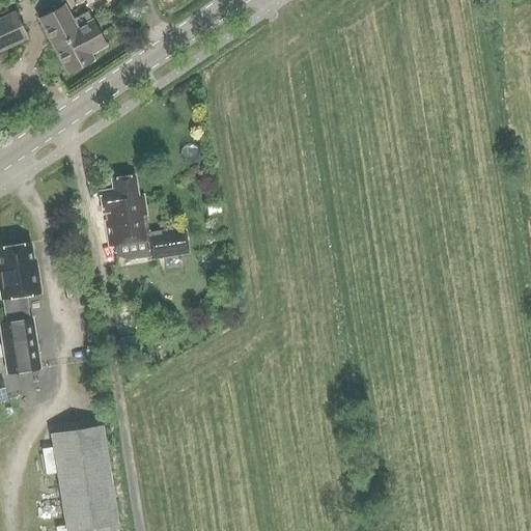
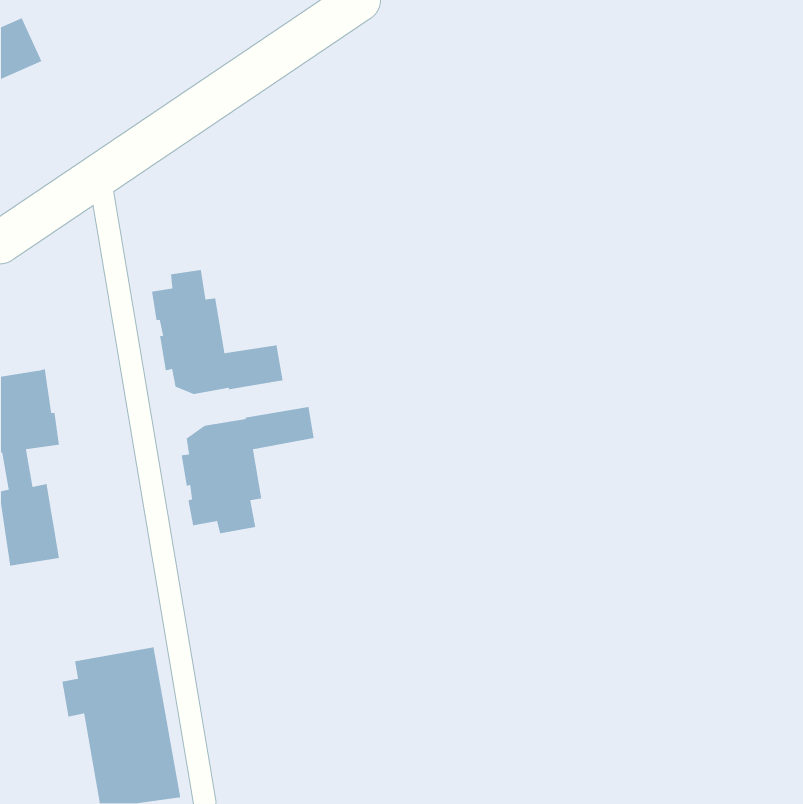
building: [39,5,105,73] -> none
building: none -> [181,406,315,534]

